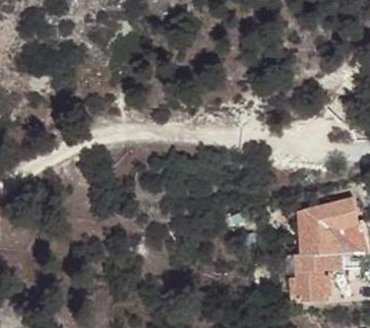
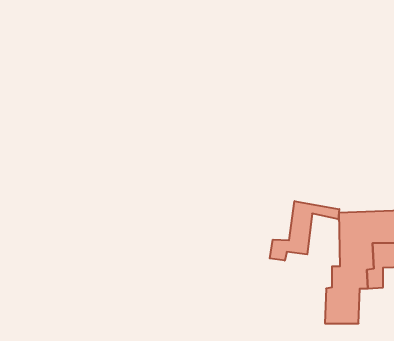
building: none -> [270,201,339,261]

